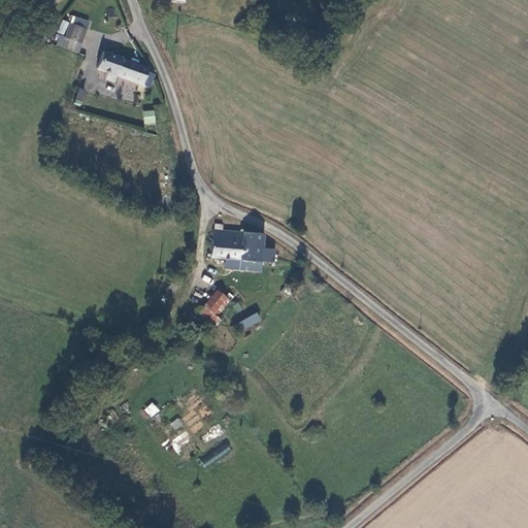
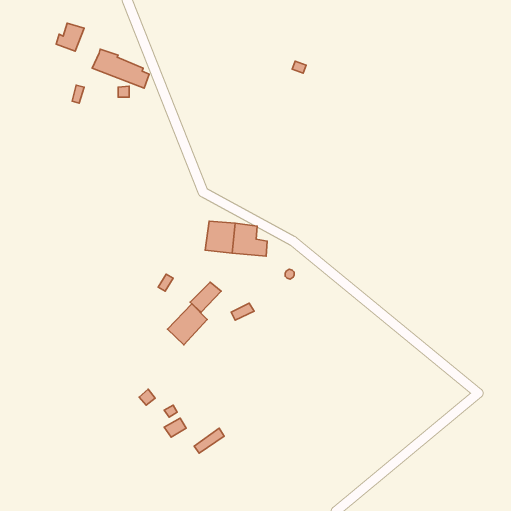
building: none -> [167,304,207,345]

